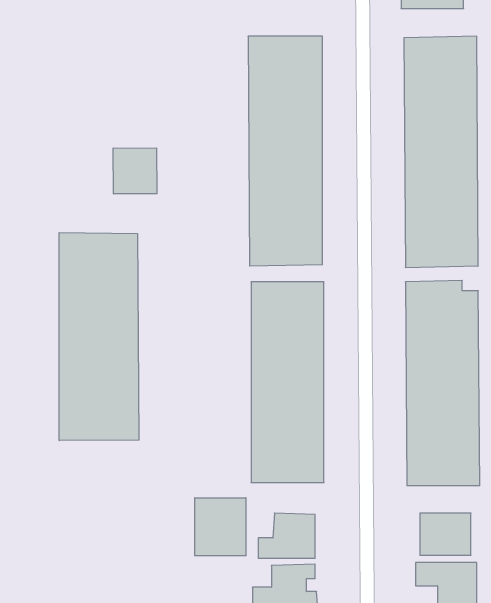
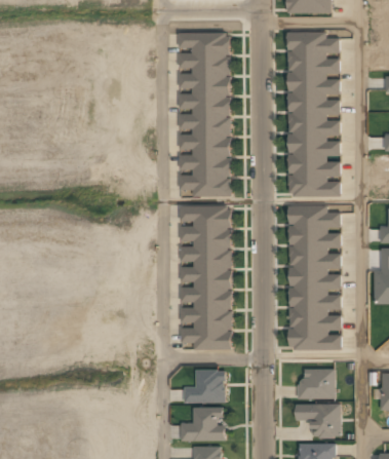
building: [113,148,157,194] -> none
building: [59,233,139,441] -> none
building: [195,498,246,556] -> none

